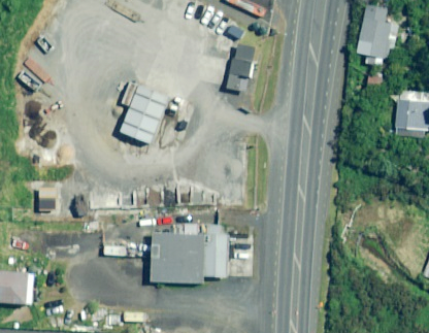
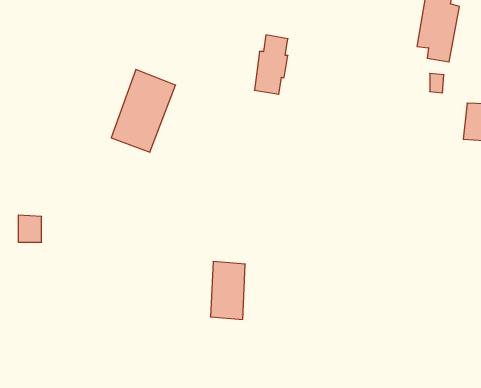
building: [143,227,197,280] -> none

